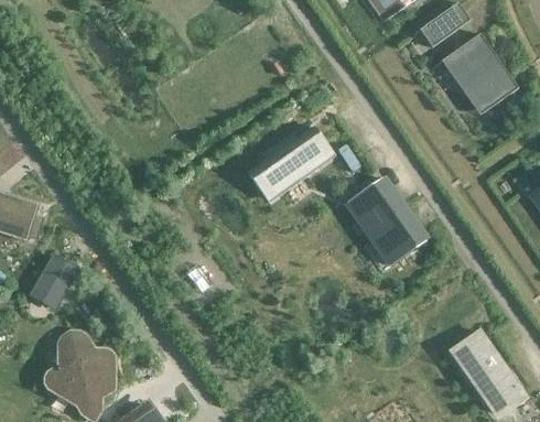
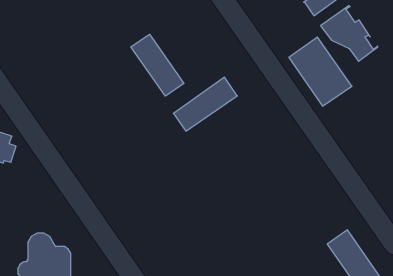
building: none -> [131,34,184,96]
building: [341,173,423,263] -> [289,37,352,106]
building: [36,248,80,300] -> none

